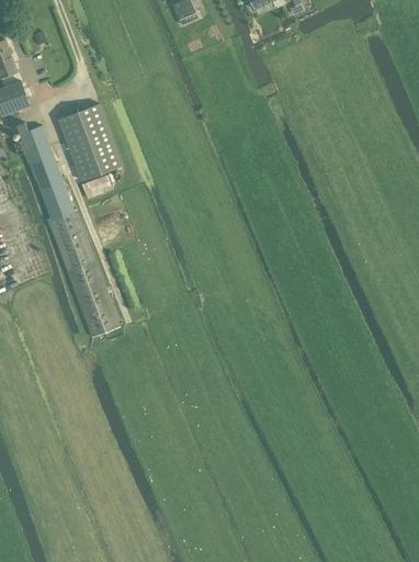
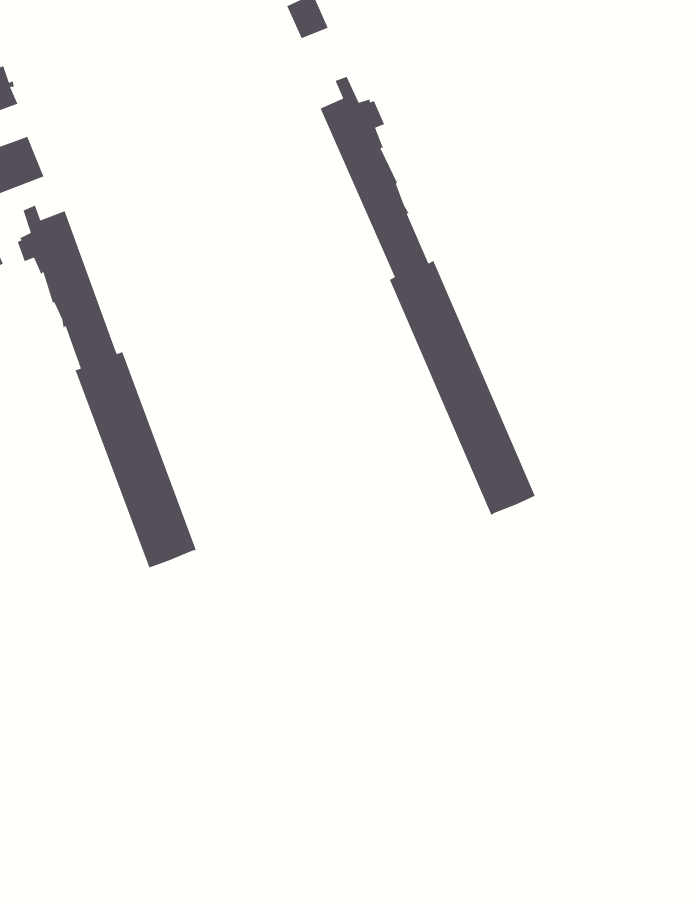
building: none -> [320,76,536,516]
building: [57,105,121,182] -> none

